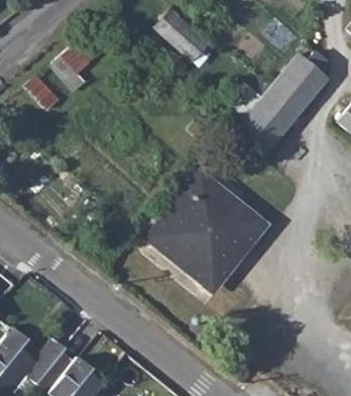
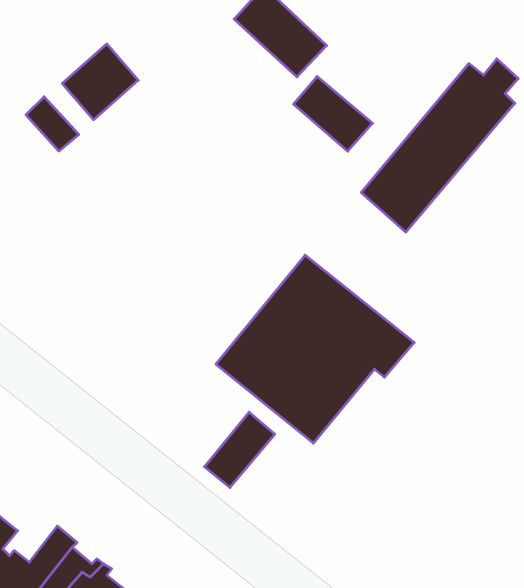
building: none -> [294,76,373,151]
building: none -> [204,412,275,488]

